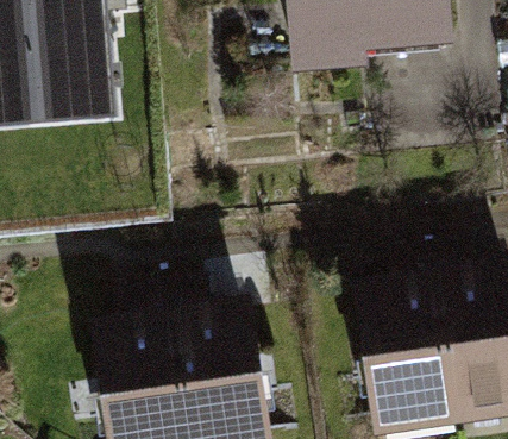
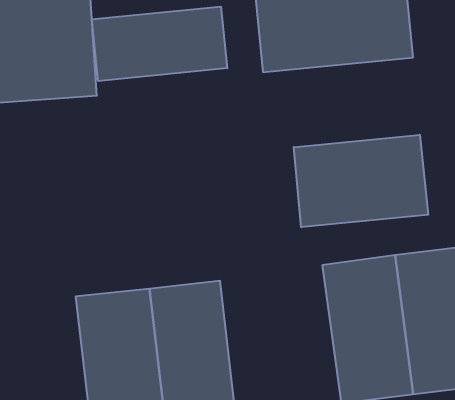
building: none -> [92,7,227,81]
building: none -> [294,135,428,227]

